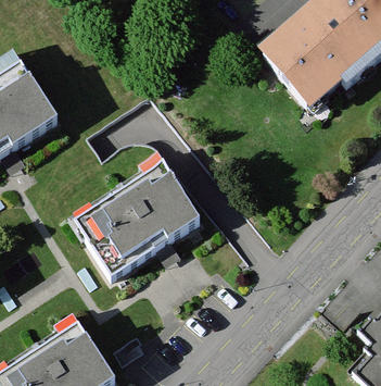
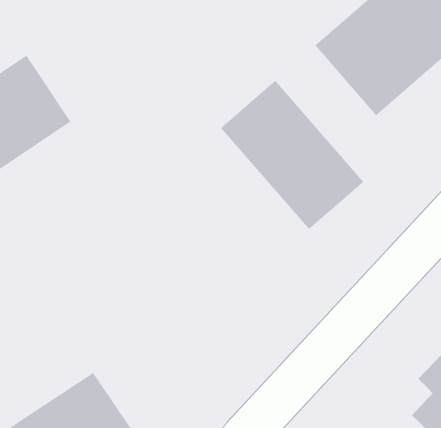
building: none -> [220,80,364,230]
building: [75,162,201,277] -> none

